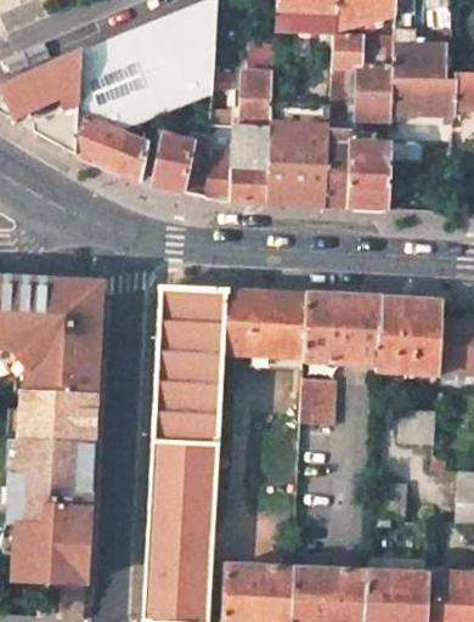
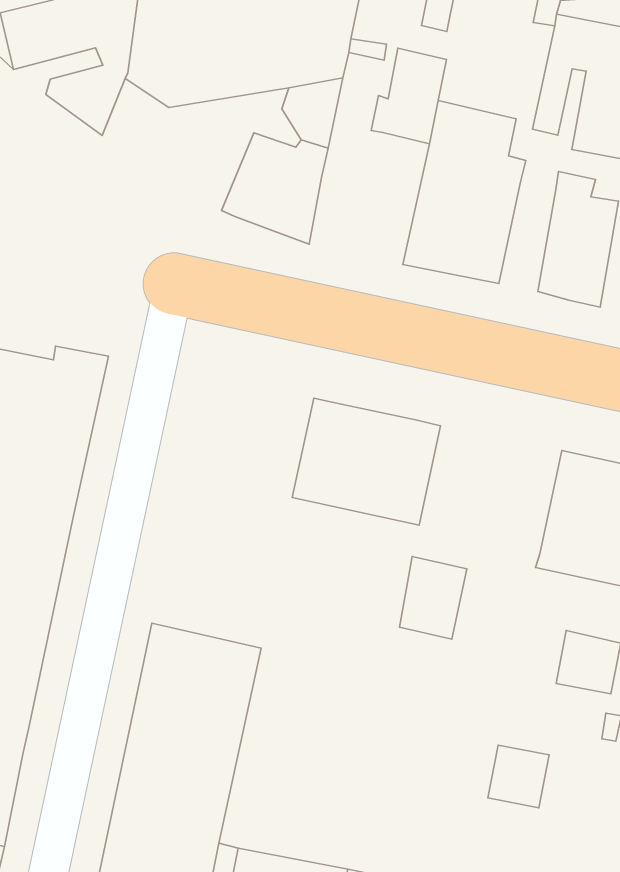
building: [74,115,147,181] -> none
building: [209,124,272,202] -> none
building: [327,141,352,205] -> none
building: [149,287,226,446] -> none
building: [301,295,380,363] -> none

